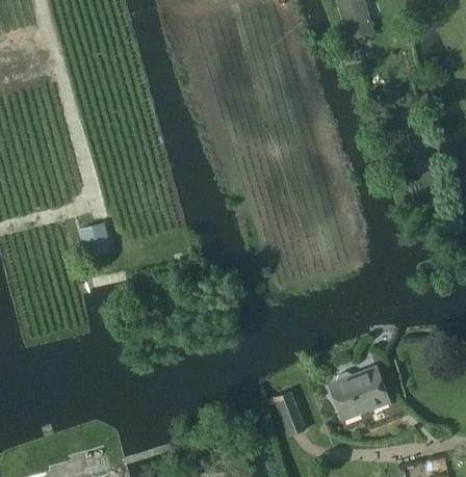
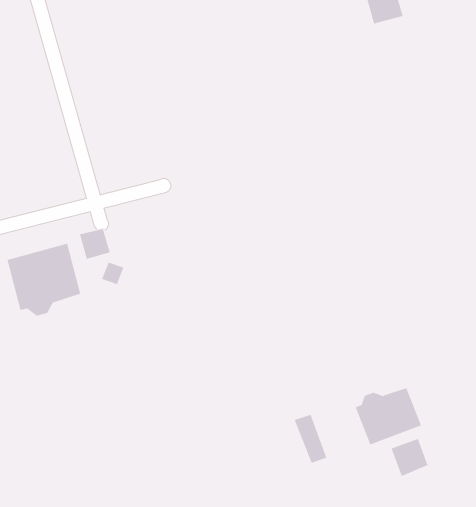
building: none -> [7,243,81,316]
building: none -> [391,438,428,477]

